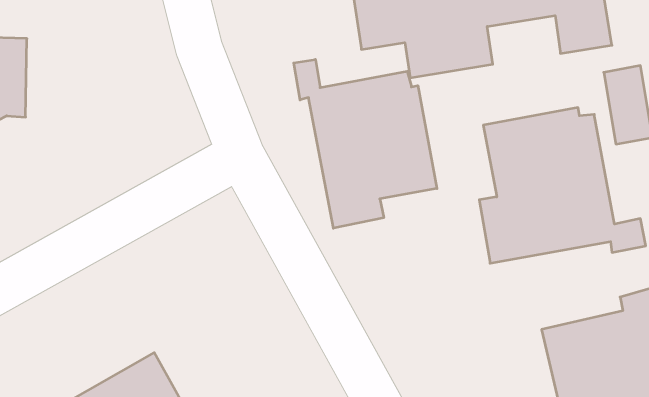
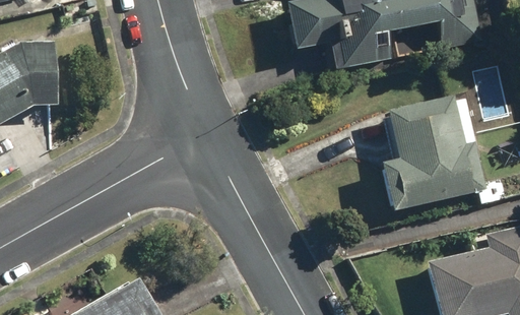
building: [294,59,437,228] -> none

